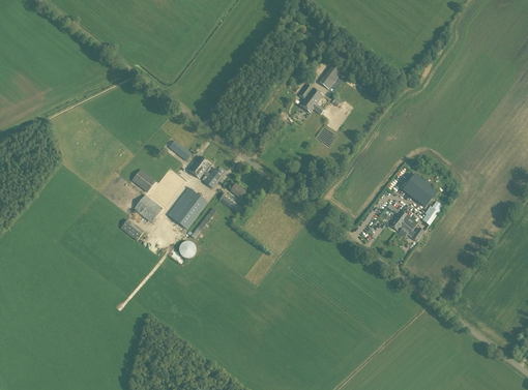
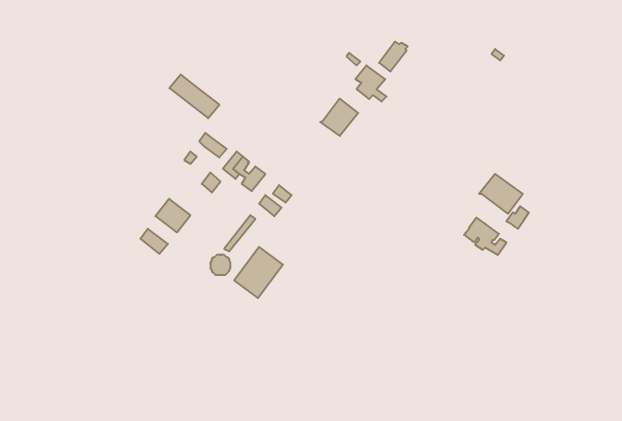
building: none -> [320,99,358,136]
building: [130,169,172,205] -> [169,75,219,118]
building: [167,187,207,230] -> [234,247,283,298]

